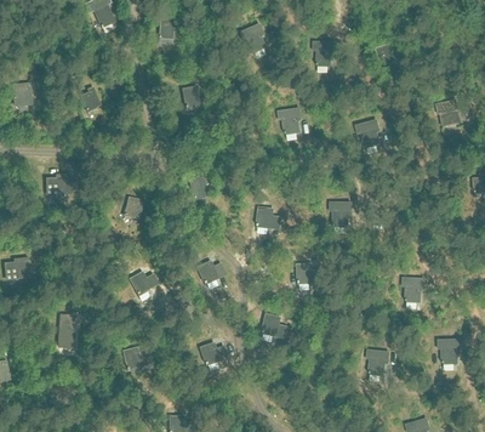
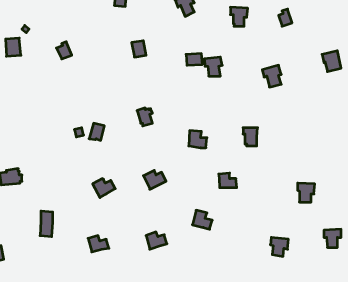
building: [46,175,75,195] -> none

